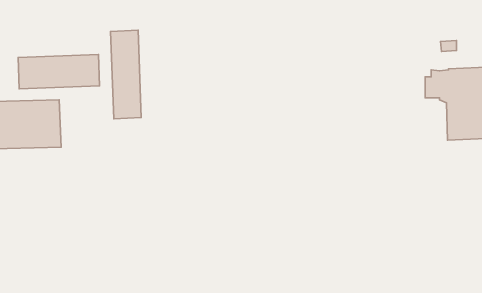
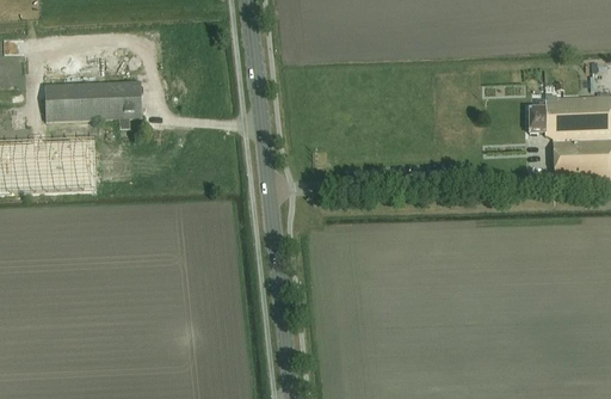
building: [111,30,141,119] -> none

